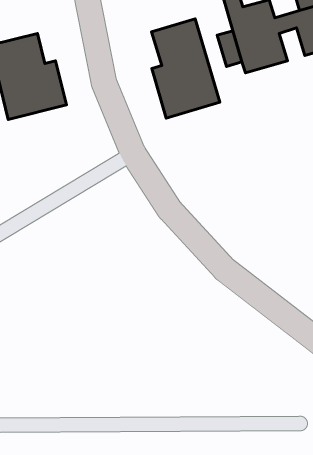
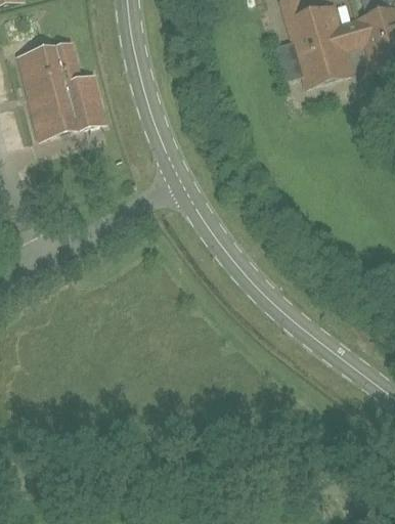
building: [152,19,220,118] -> none

